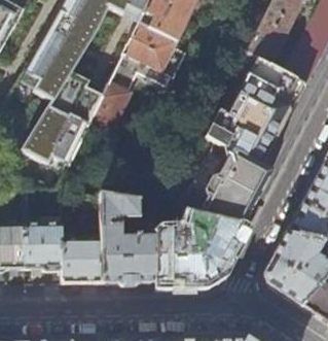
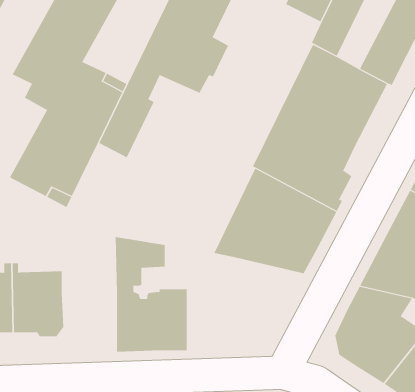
building: [156,209,244,279] -> none
building: [63,236,103,280] -> none

